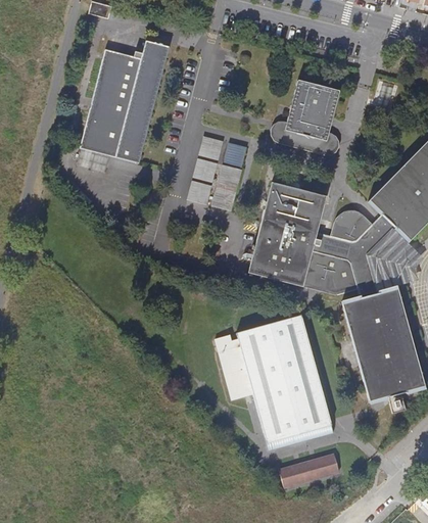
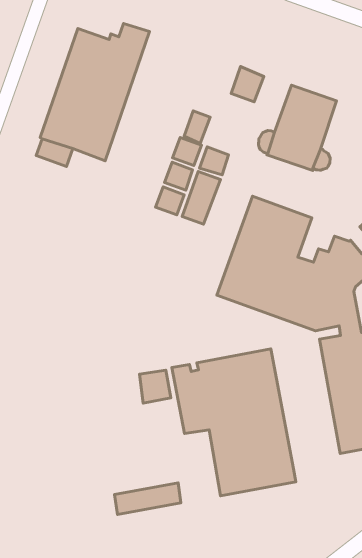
building: none -> [231,66,264,102]
building: none -> [184,111,210,143]
building: none -> [140,370,171,403]
building: [279,451,338,484] -> [115,483,181,515]

